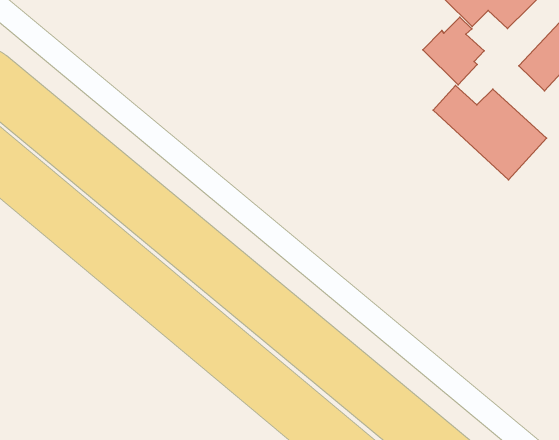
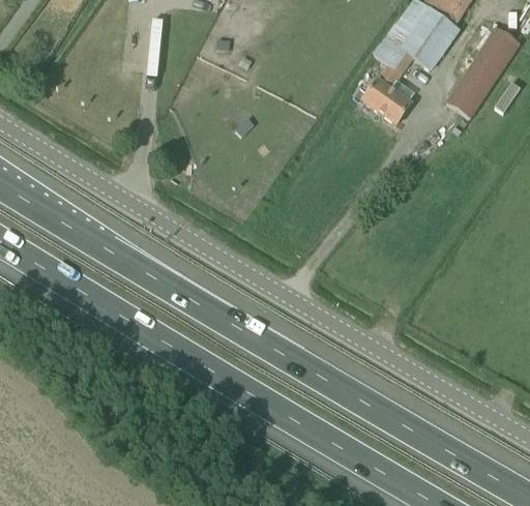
building: [433,85,547,180] -> none

